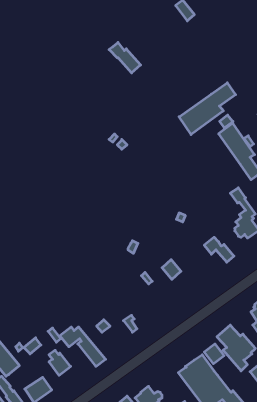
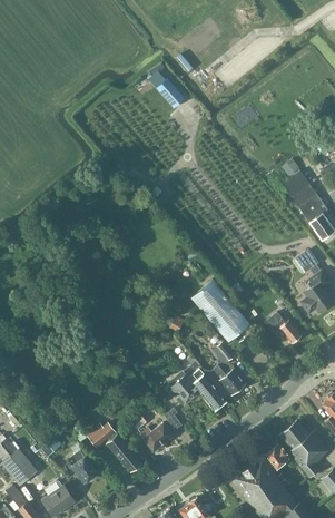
building: [179,83,236,135] -> none
building: none -> [190,280,249,342]
building: none -> [210,365,245,395]
building: none -> [171,370,225,410]
building: none -> [136,423,173,451]

